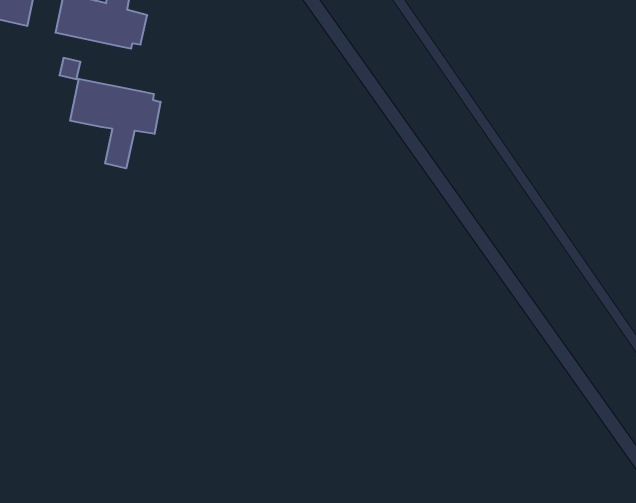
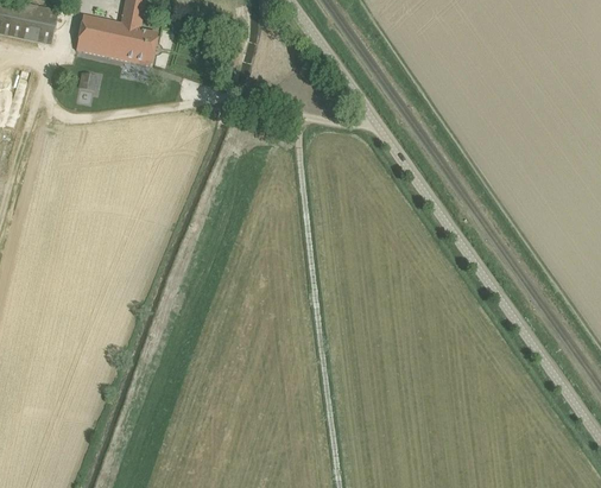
building: [70,79,161,168] -> none

